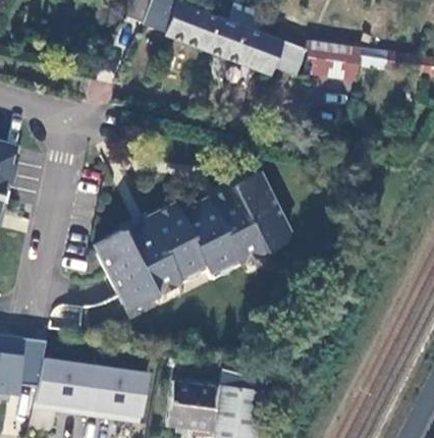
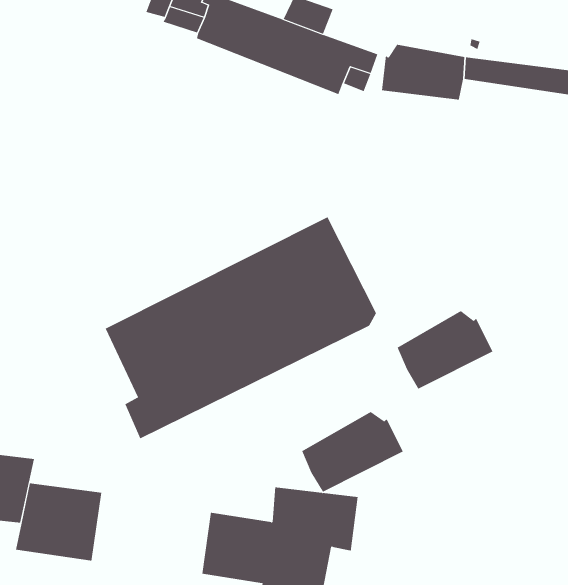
building: none -> [397,310,493,390]
building: none -> [302,411,404,493]
building: [88,364,150,421] -> none

